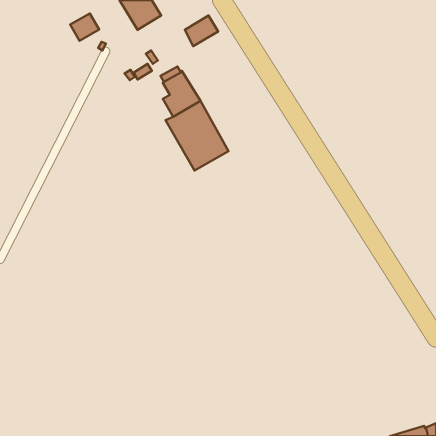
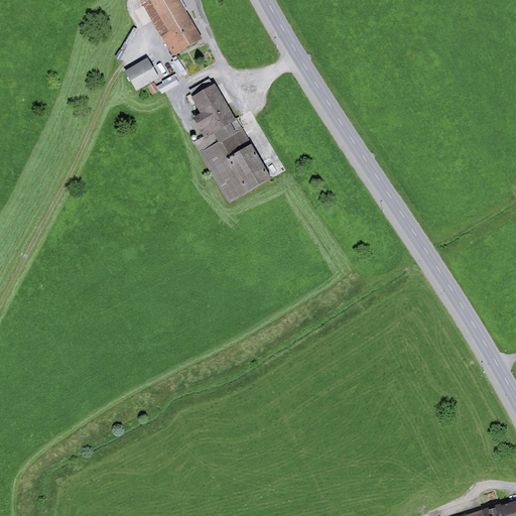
building: [70,13,99,41] -> [125,57,159,90]
building: [185,15,218,46] -> [162,18,202,54]

